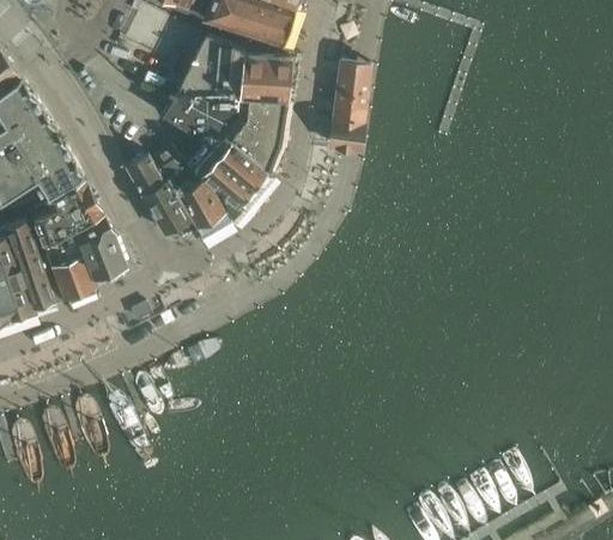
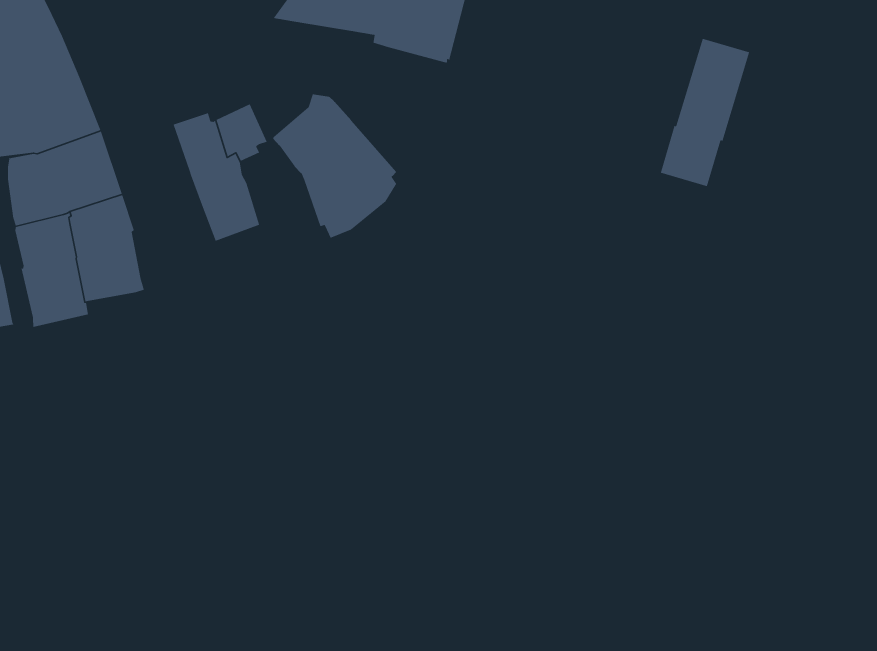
building: [327,59,369,147] -> [660,38,750,187]
building: [160,91,284,170] -> none
building: [172,177,229,236] -> none

